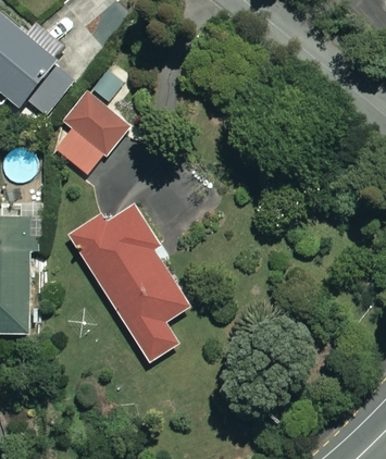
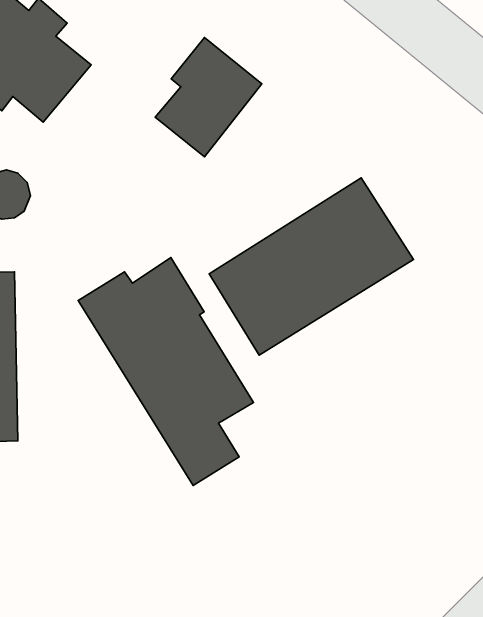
building: [53,91,126,173] -> [155,37,262,157]
building: none -> [209,178,413,355]

